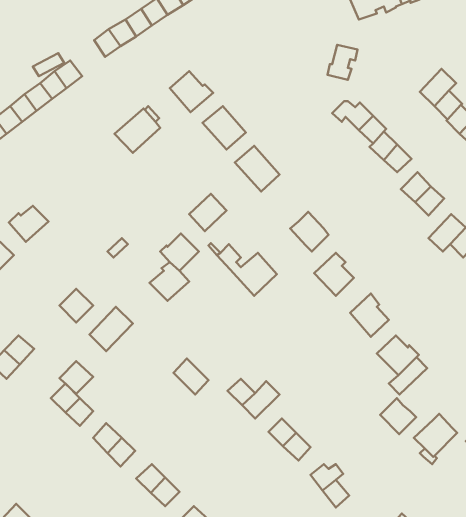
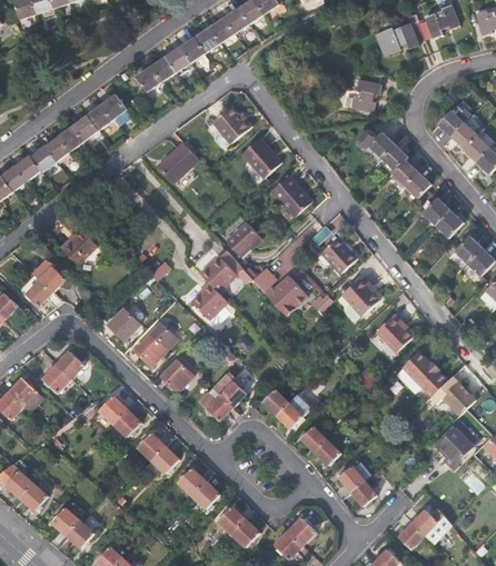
building: [59,361,93,394] -> [160,358,191,388]
building: none -> [199,384,232,417]
building: [380,398,416,434] -> [442,380,475,414]

